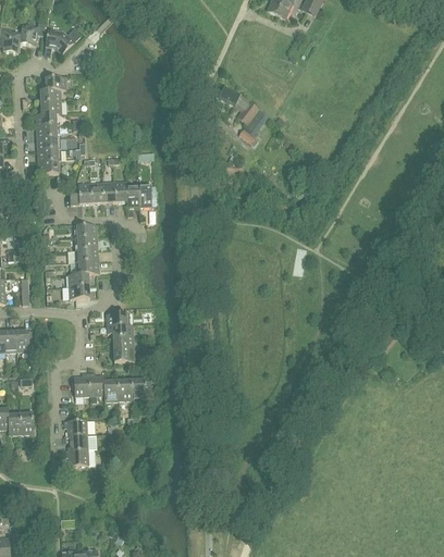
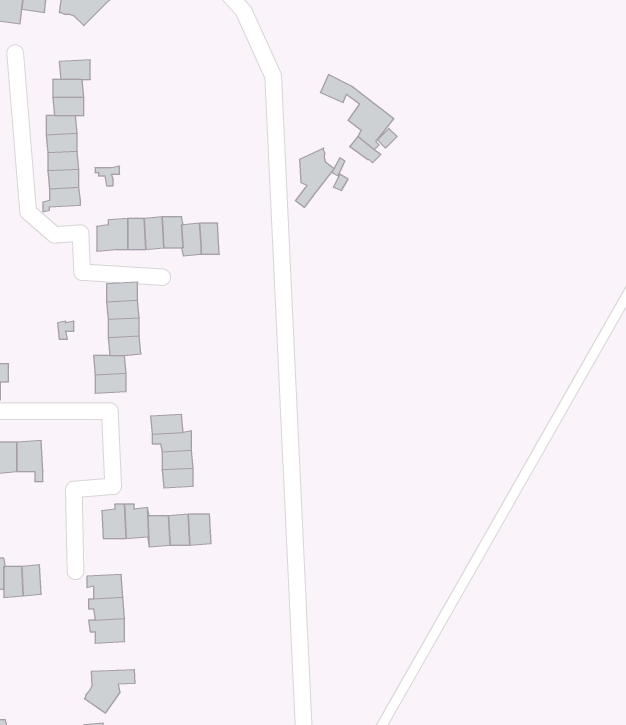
building: none -> [295,148,334,207]
building: none -> [84,669,135,713]

